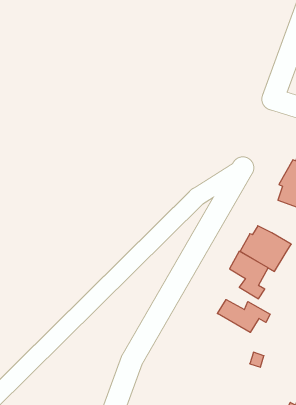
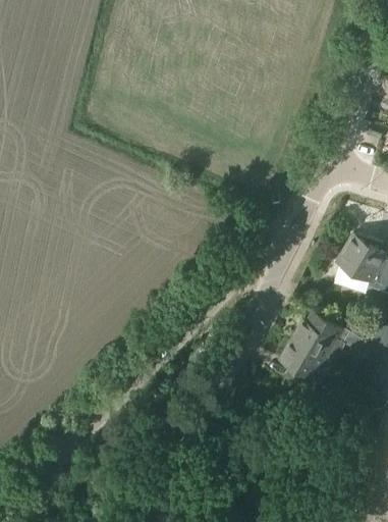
building: [217,300,270,332] -> none

